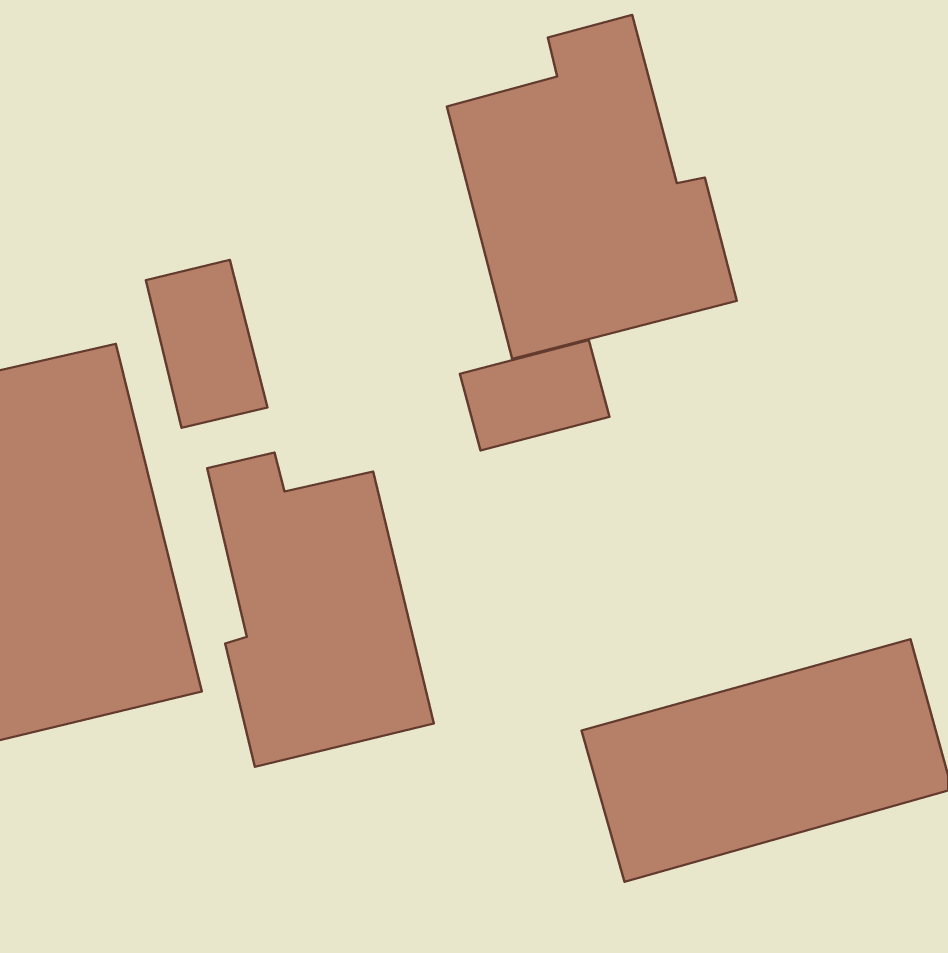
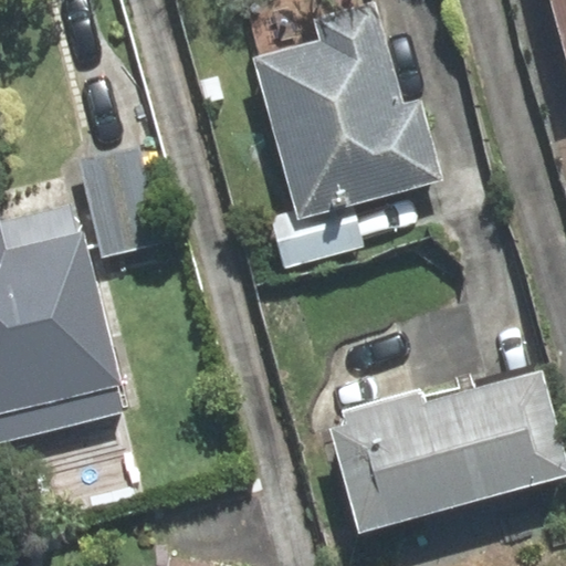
building: [207,452,434,767] -> none

